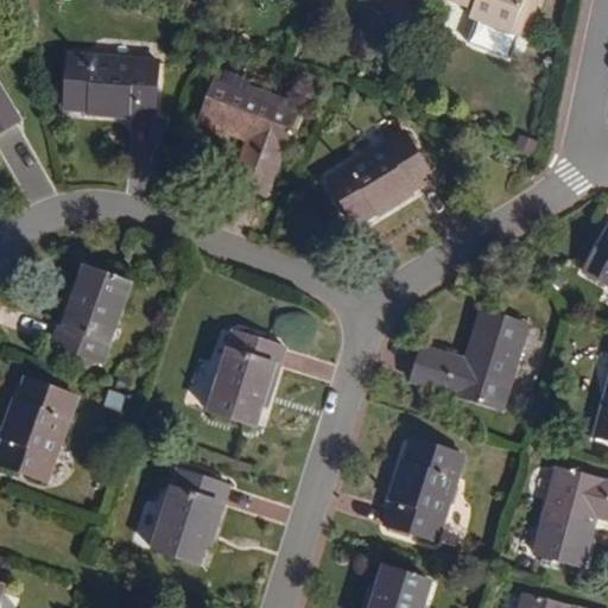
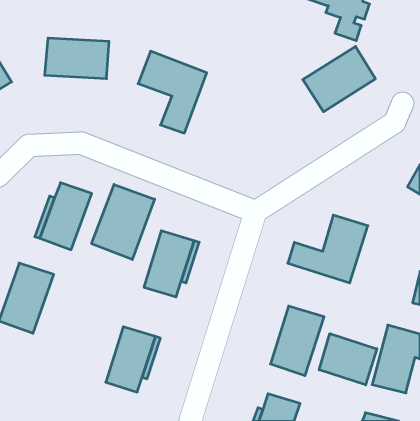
building: [319,129,424,223] -> [303,46,375,112]
building: none -> [92,184,155,260]
building: none -> [319,334,377,385]

